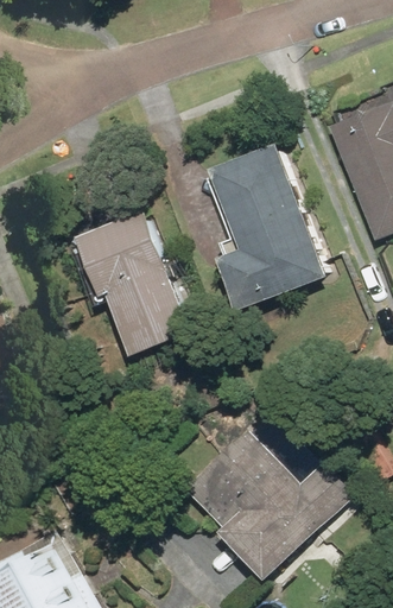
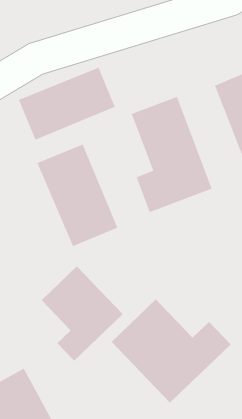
building: none -> [18,67,115,140]
building: none -> [41,266,124,362]

